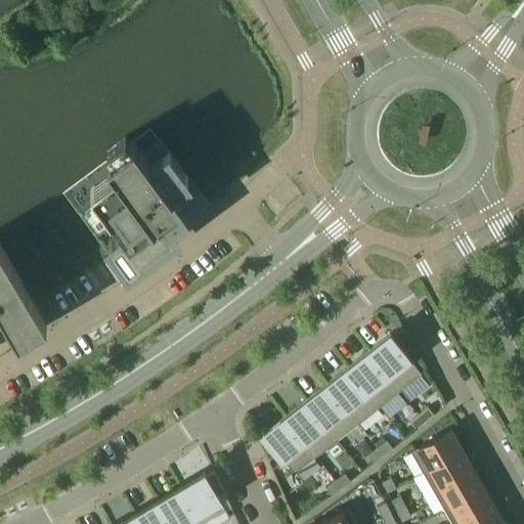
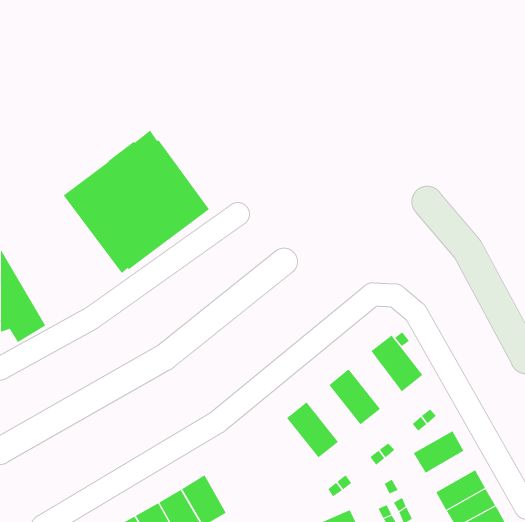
building: [348,353,400,410] -> none
building: [306,387,359,443] -> none
building: [264,420,317,476] -> none
building: [424,452,474,493] -> none

